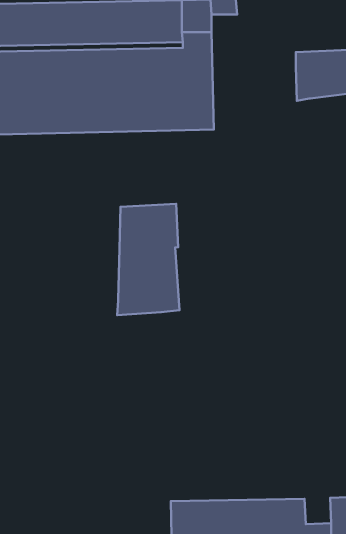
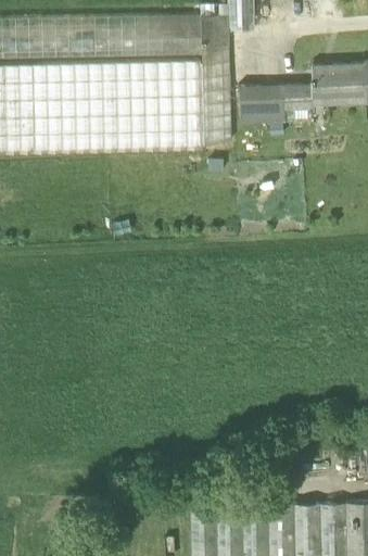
building: none -> [239,79,313,124]
building: [117,204,180,315] -> none
building: none -> [320,503,346,529]

